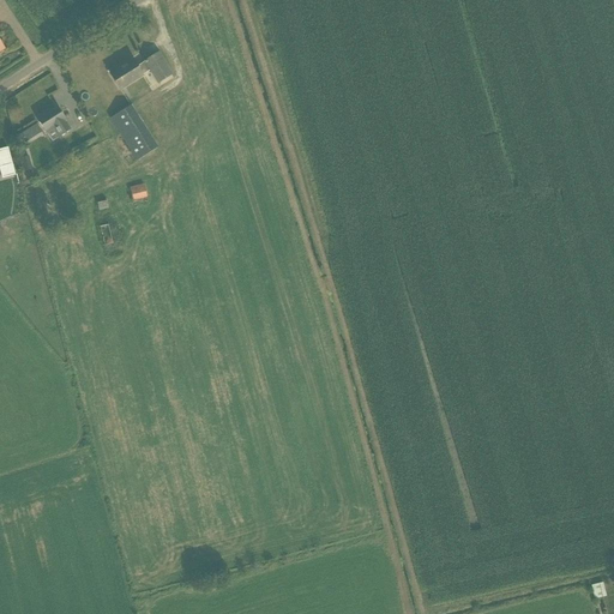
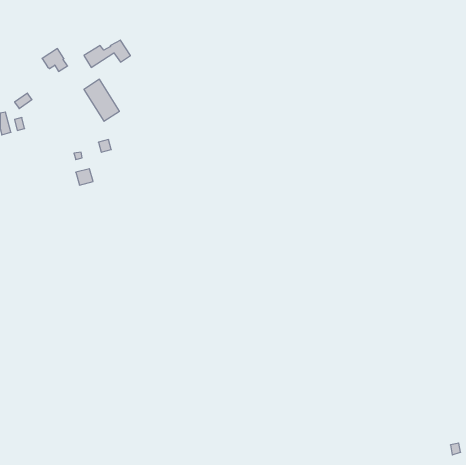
building: [37,107,71,137] -> [42,49,68,71]

